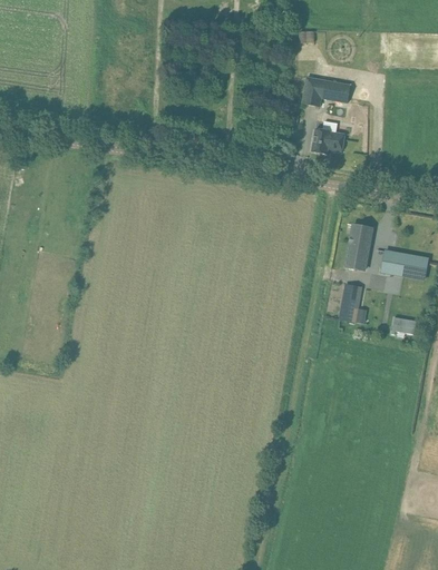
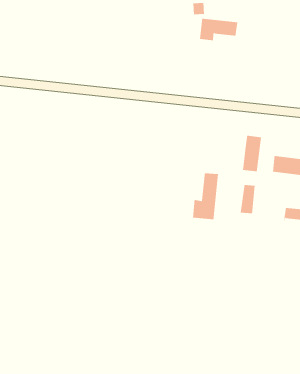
building: [312,121,345,154] -> none
building: none -> [192,173,219,220]

